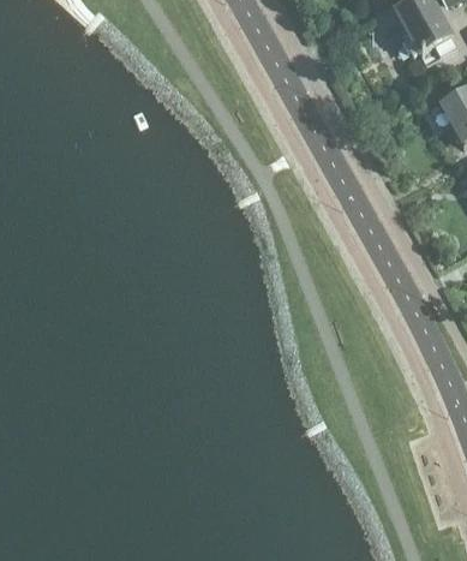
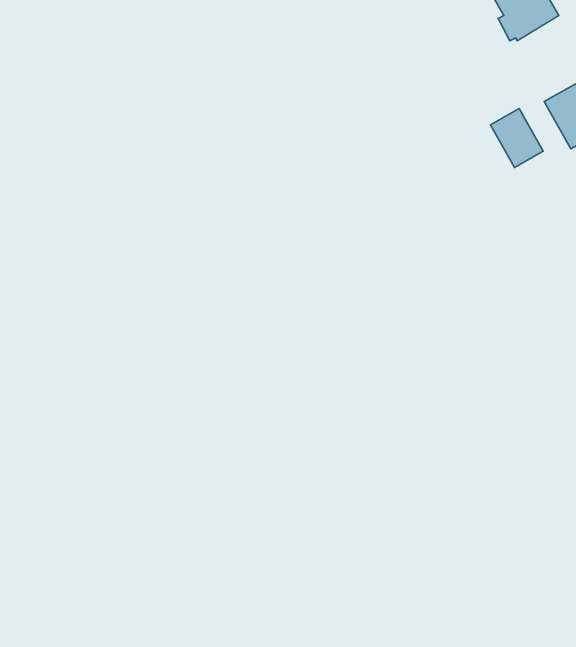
building: none -> [490,109,543,168]

